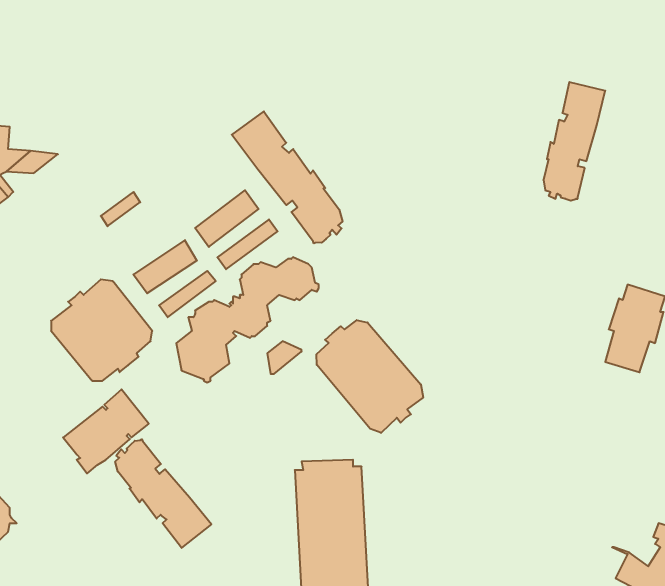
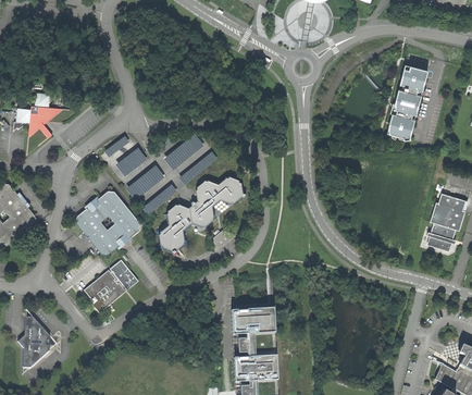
building: [232,111,343,243] -> none
building: none -> [119,146,151,175]
building: [317,320,423,433] -> none
building: [115,439,211,548] -> none

